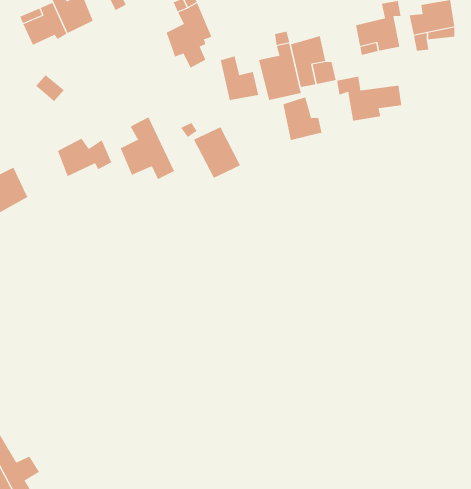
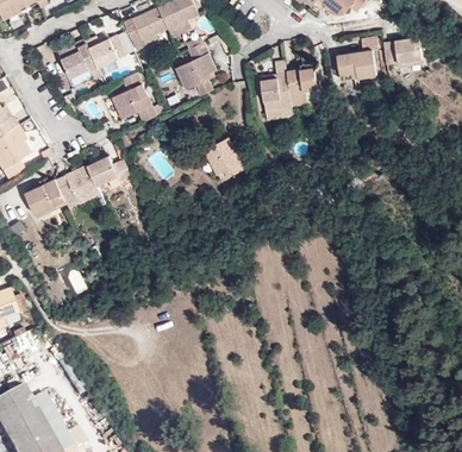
building: [220,56,259,101] -> none
building: [336,76,402,122] -> none
building: [283,96,322,141] -> none
building: [120,116,175,180] -> [114,70,160,123]
building: none -> [57,161,104,199]

